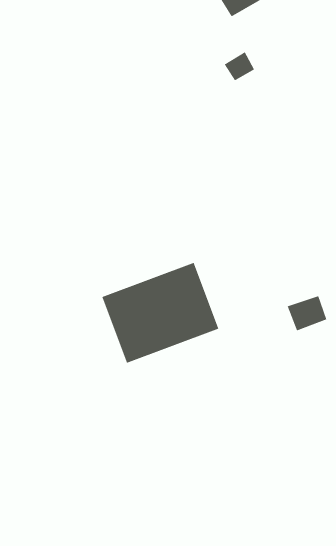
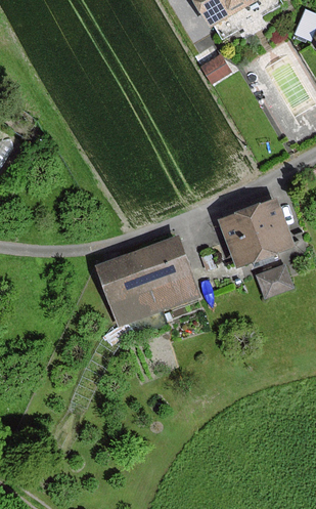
building: none -> [218,198,291,264]

